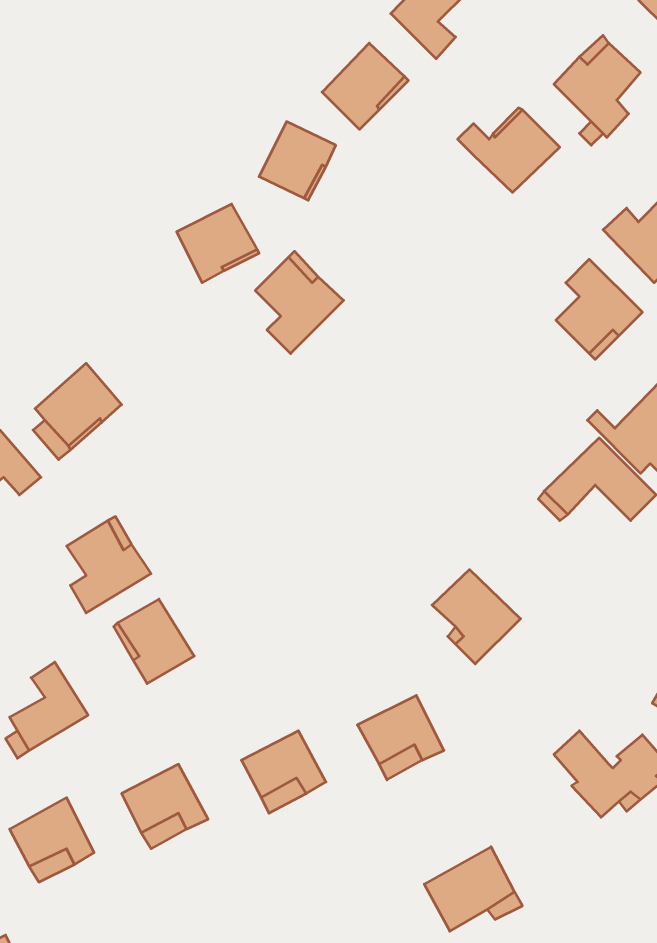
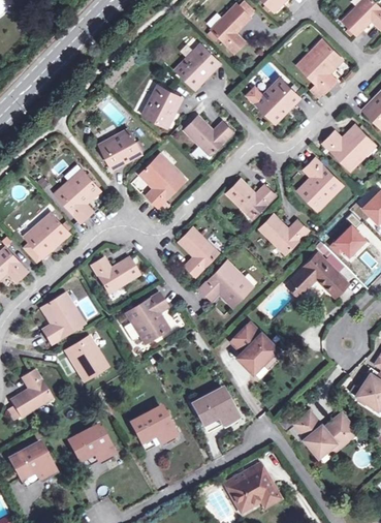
building: none -> [183,116,231,155]
building: none -> [53,165,99,222]
building: none -> [225,179,274,219]
building: none -> [258,214,308,254]
building: none -> [178,227,218,277]
building: none -> [90,257,137,294]
building: none -> [198,260,252,307]
building: none -> [124,291,168,344]

